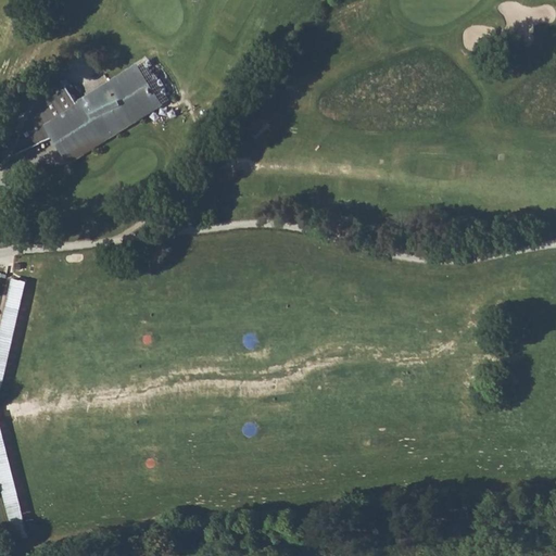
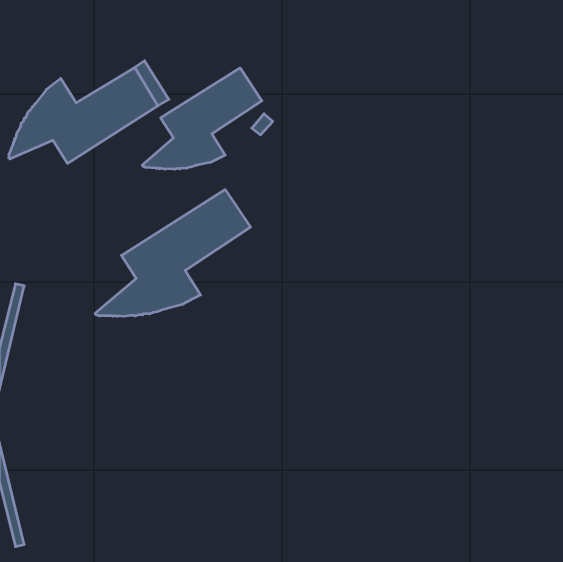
building: none -> [142,68,262,169]
building: none -> [95,190,251,316]

